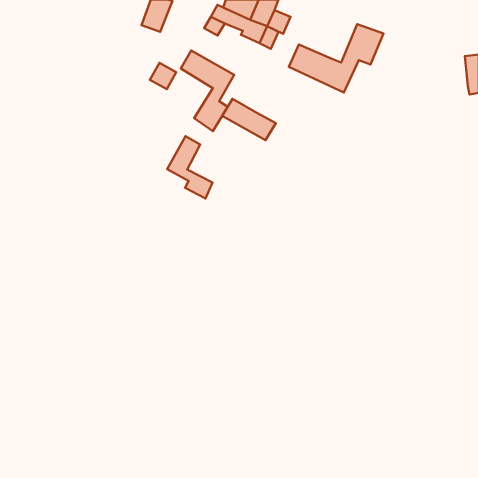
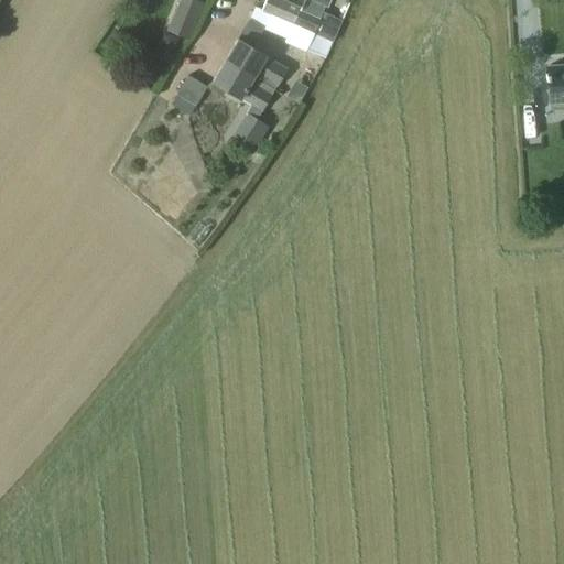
building: [289,24,384,93] -> none
building: [222,99,276,140] -> [226,40,289,88]
building: [167,136,213,199] -> none

